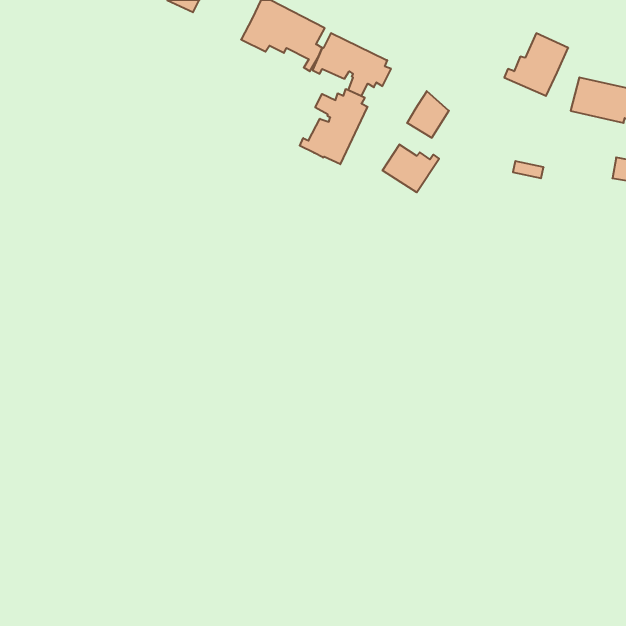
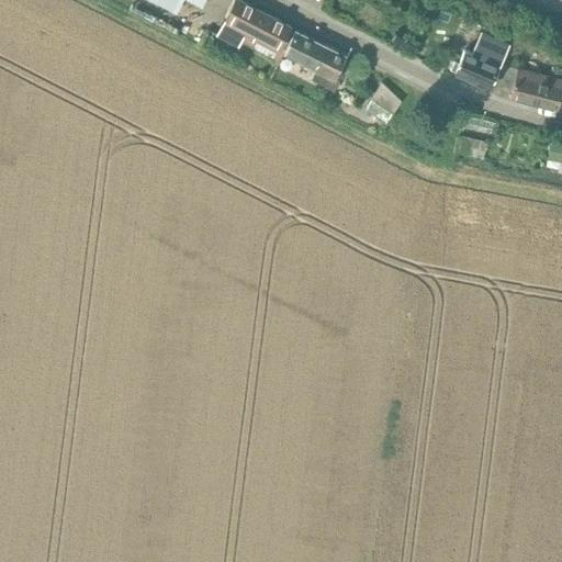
building: [300,89,368,164] -> none
building: [383,144,439,192] -> none

